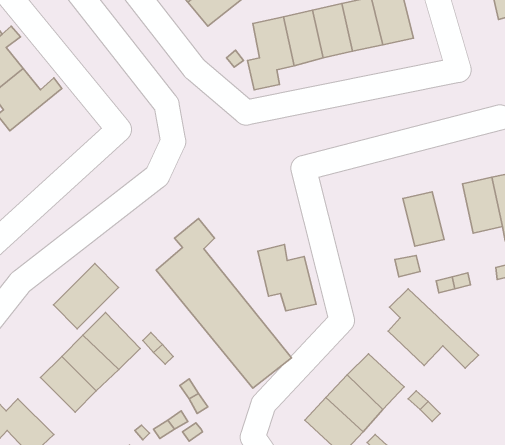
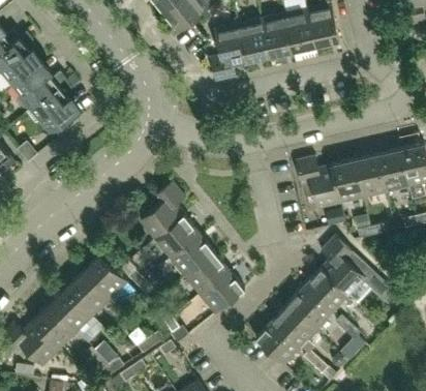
building: none -> [26,80,75,132]
building: none -> [355,154,387,198]
building: [258,244,316,311] -> [296,156,341,208]
building: [53,263,119,329] -> none
building: none -> [305,269,348,312]
building: none -> [32,305,77,350]

